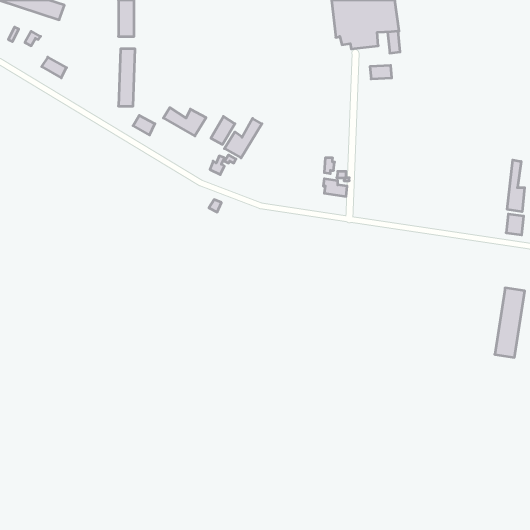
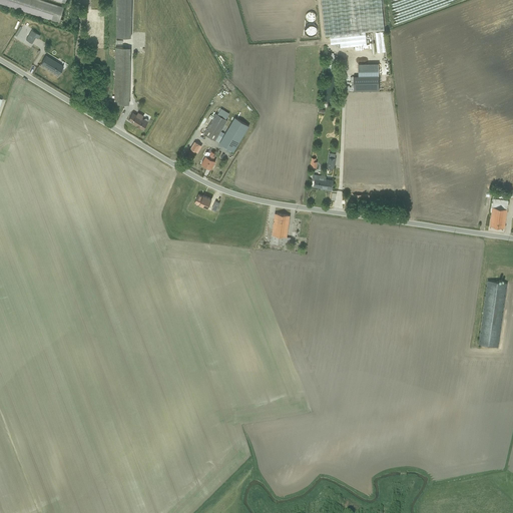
building: [163,108,206,136] -> none
building: [507,160,525,212] -> none
building: none -> [271,213,291,237]

